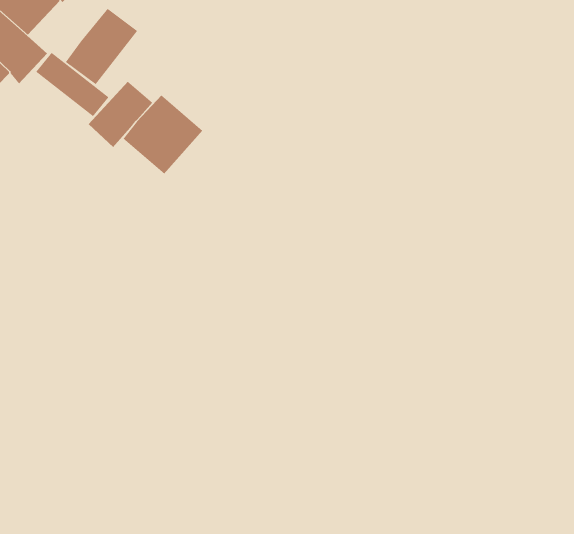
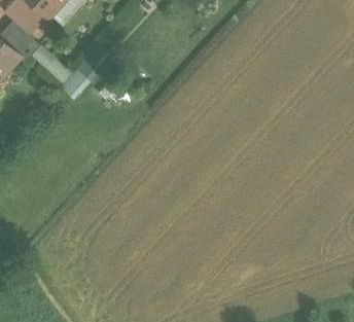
building: [65,8,138,85] -> none
building: [123,95,203,174] -> none

